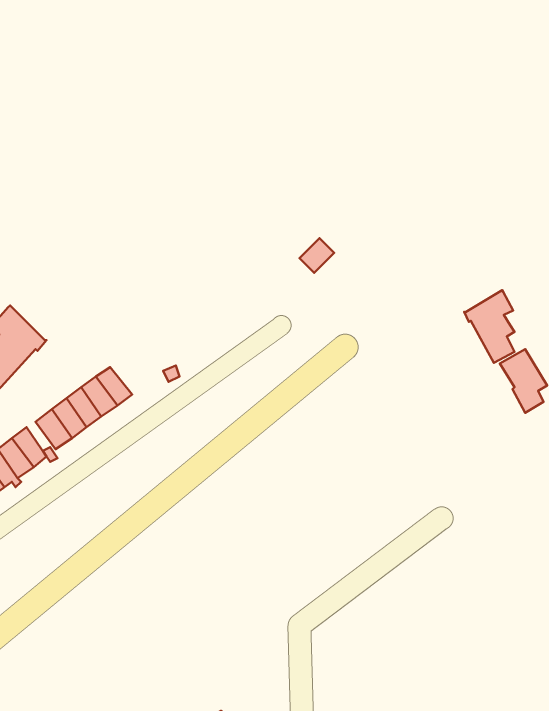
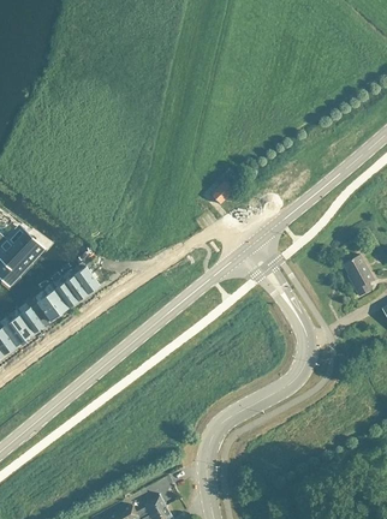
building: [464,290,515,363] -> none

